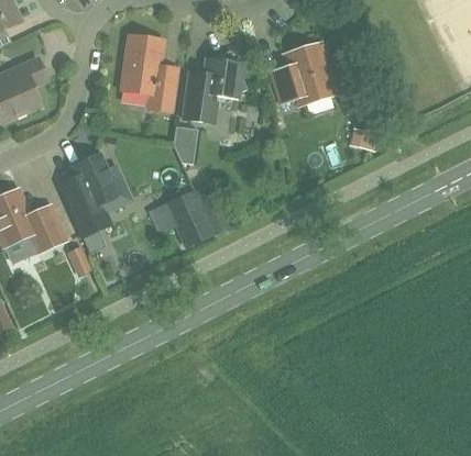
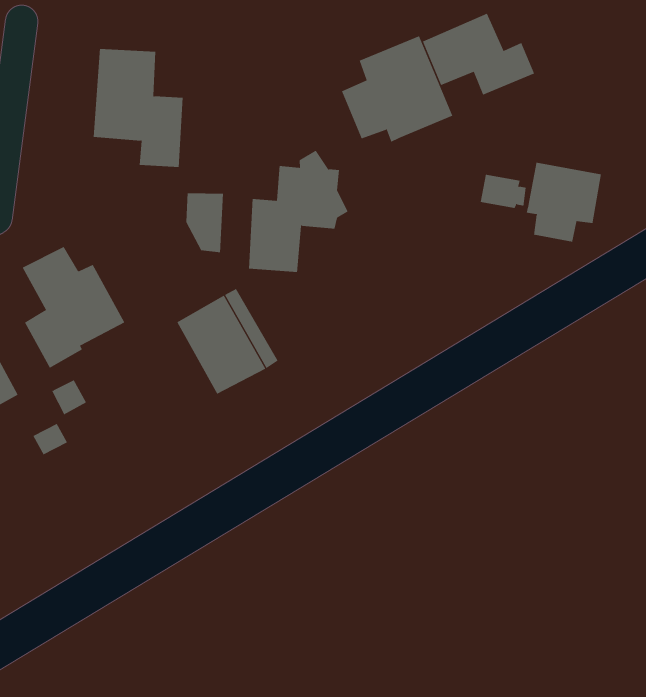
building: none -> [422,13,535,96]
building: [184,51,247,123] -> [248,150,348,272]
building: none -> [526,162,601,242]

